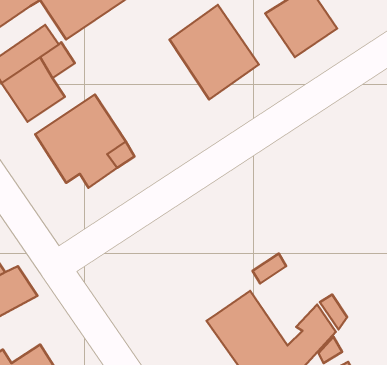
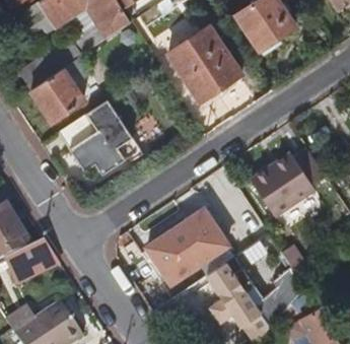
building: none -> [251,148,327,218]
building: none -> [145,209,233,285]

